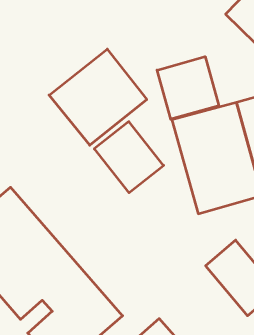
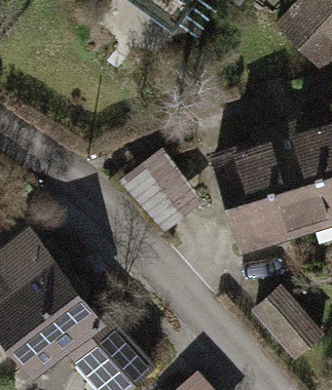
building: [49,49,147,145] -> none
building: [157,57,219,119] -> none

